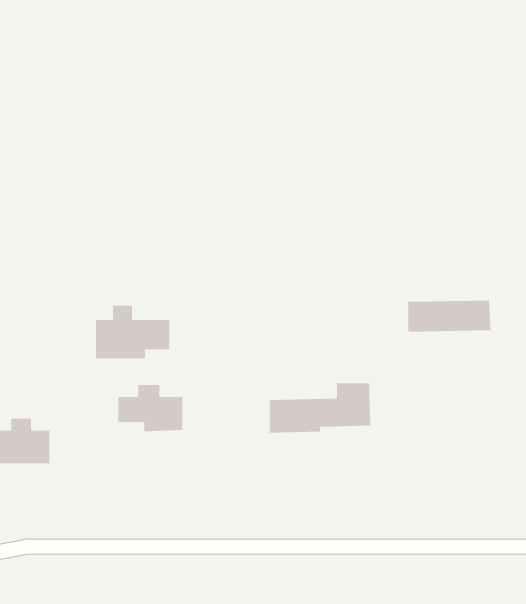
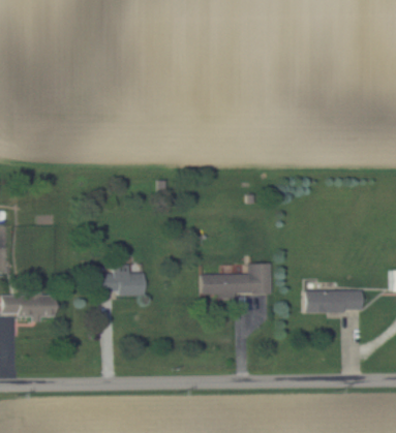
building: [407,300,492,332] -> [306,290,363,312]
building: [95,305,170,359] -> none

